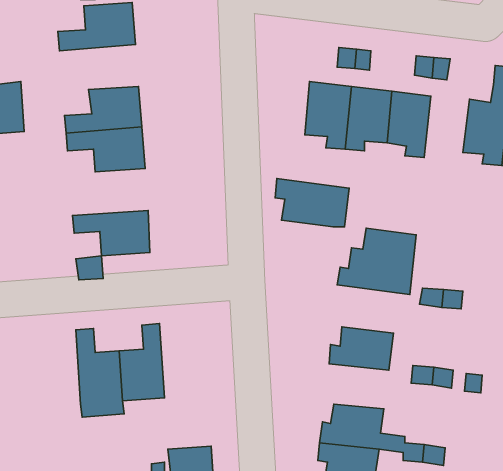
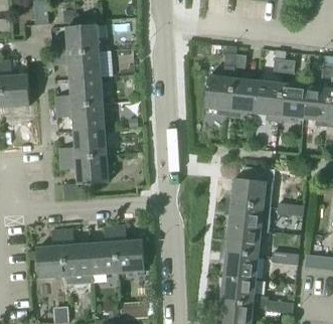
building: none -> [51,50,111,79]
building: none -> [279,84,307,124]
building: none -> [58,129,107,158]
building: [275,178,349,227] -> [223,201,270,231]
building: none -> [114,224,144,272]
building: none -> [36,229,64,278]
building: none -> [217,251,257,279]

